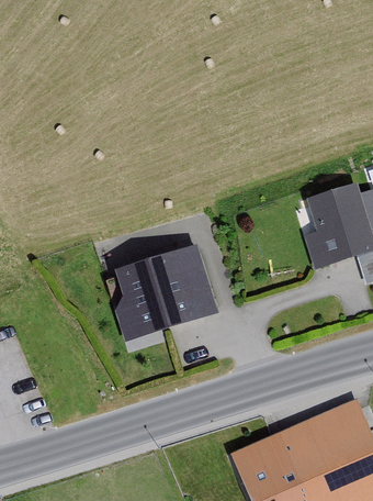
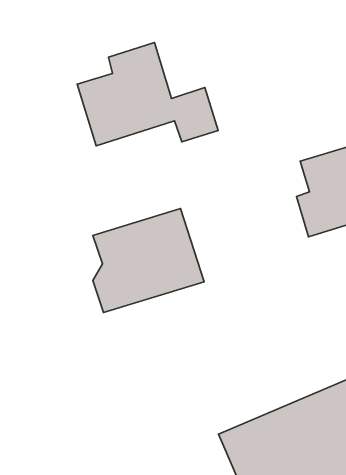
building: none -> [77,43,218,146]

